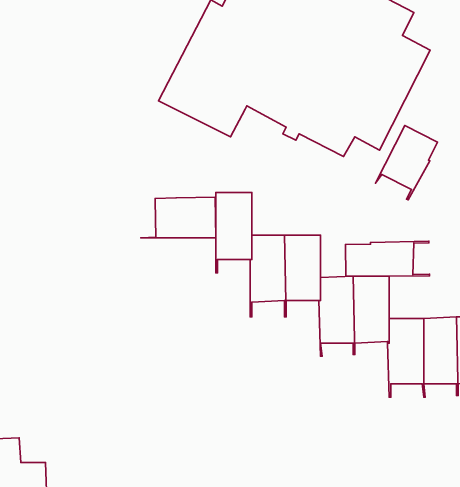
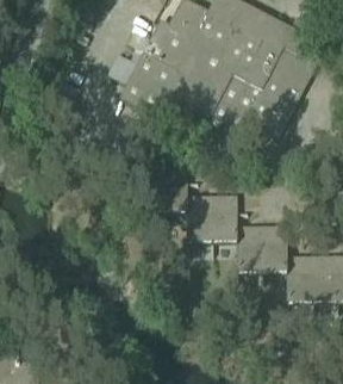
building: [376,126,438,200] -> none
building: [141,197,216,238] -> none
building: [345,241,430,276] -> none

